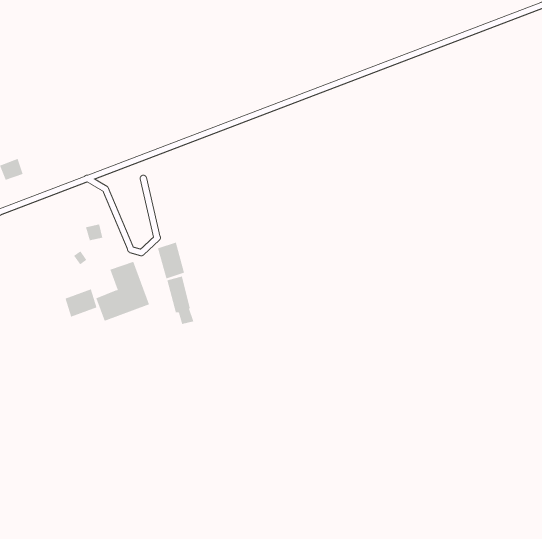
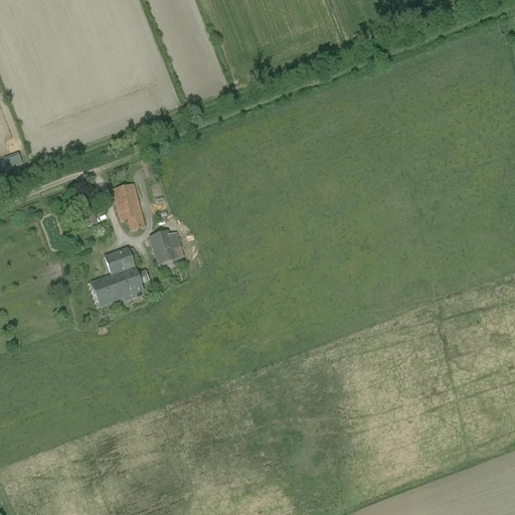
building: [167,276,194,325] -> [118,183,144,229]
building: [65,289,97,317] -> none

